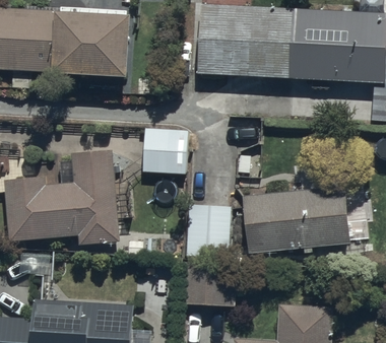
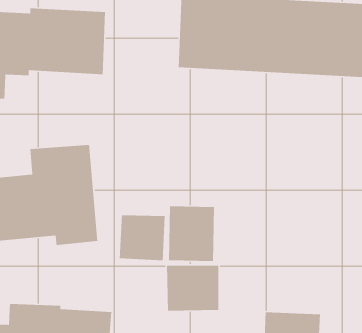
building: [141,127,186,172] -> [119,214,166,261]
building: [243,183,349,249] -> none

